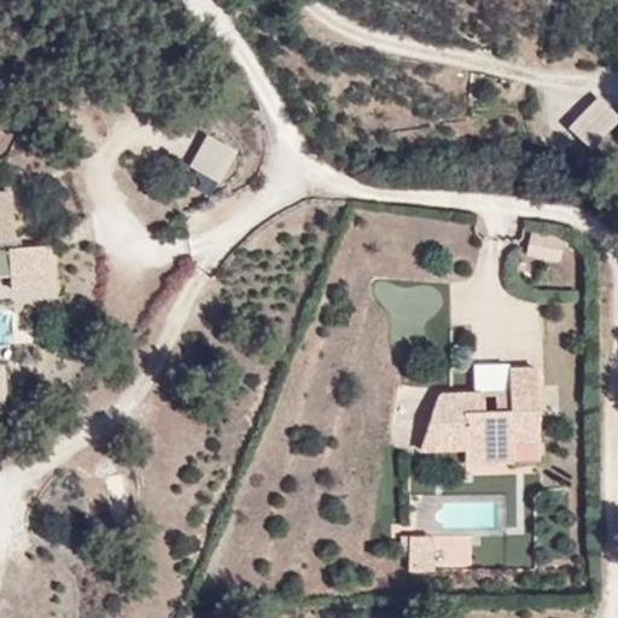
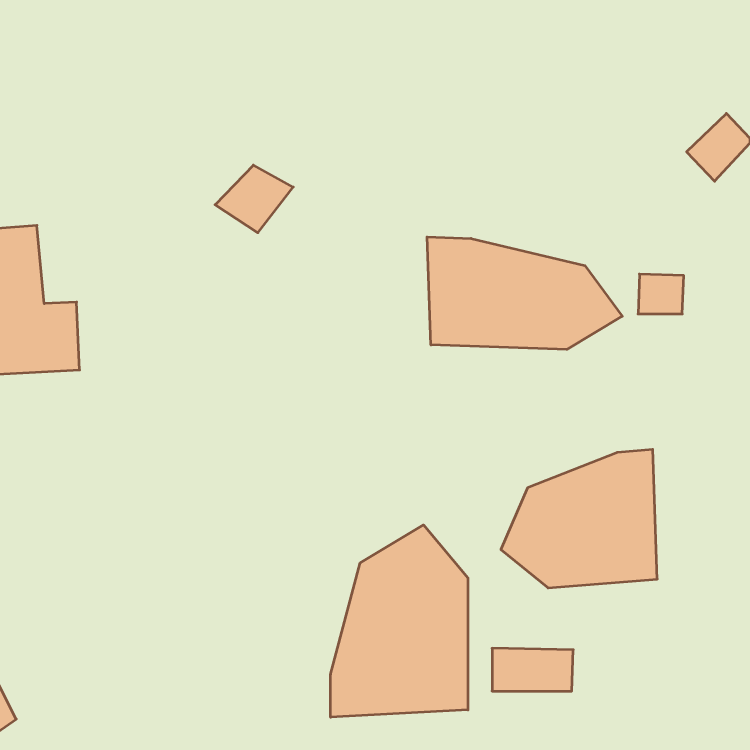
building: none -> [427,237,622,349]
building: none -> [331,525,468,717]

